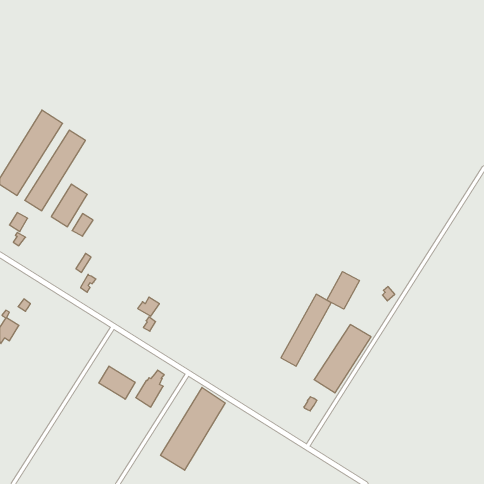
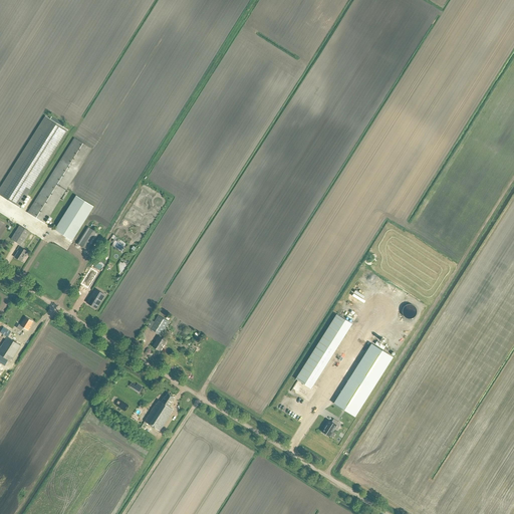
building: [327,272,359,309] -> none
building: [99,366,135,399] -> none
building: [161,387,225,470] -> none

